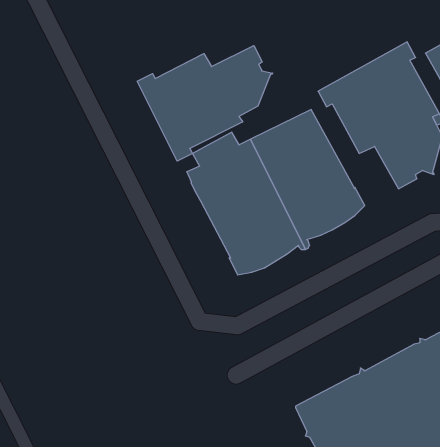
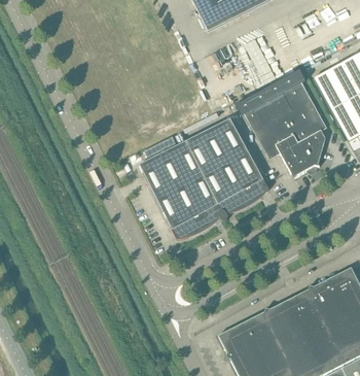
building: [137,46,273,161] -> none

